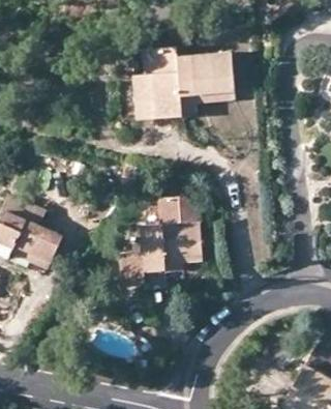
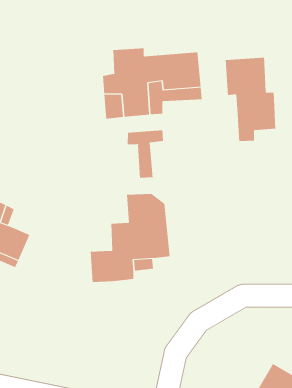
building: none -> [225,57,276,142]
building: none -> [127,130,164,179]

